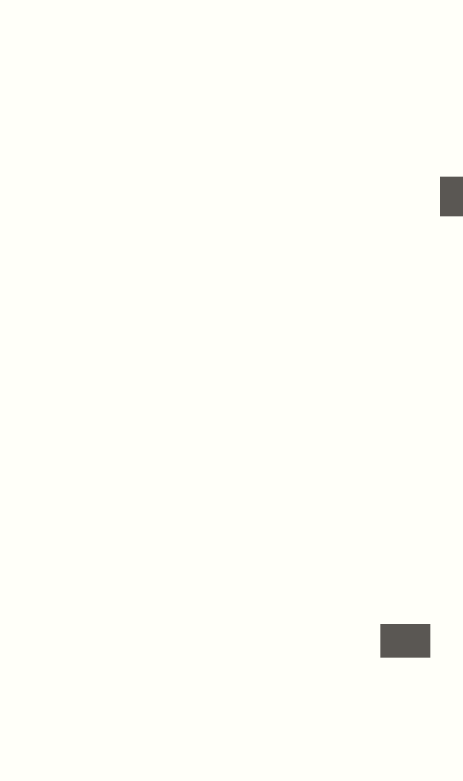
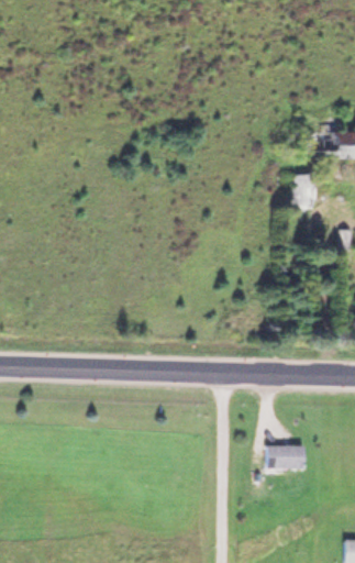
building: none -> [297,172,314,207]

